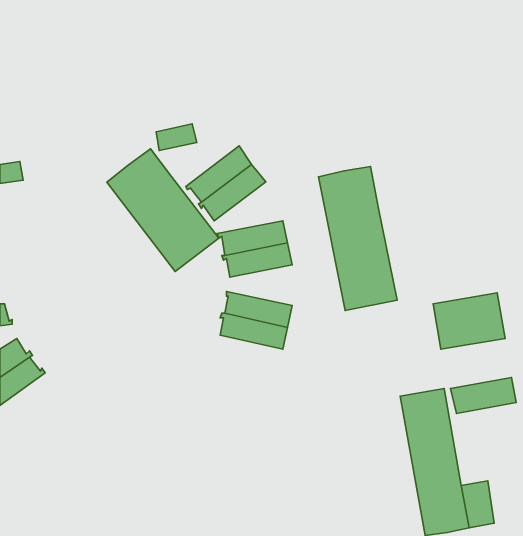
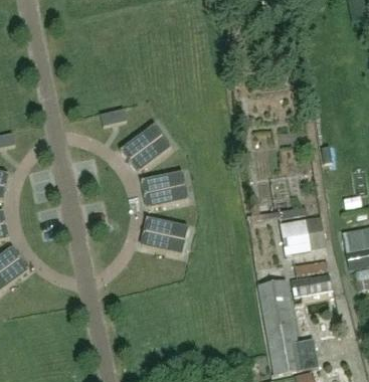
building: [107,149,219,272] -> none
building: [319,166,397,310] -> none

